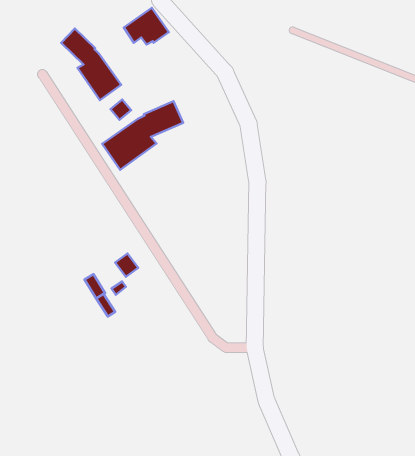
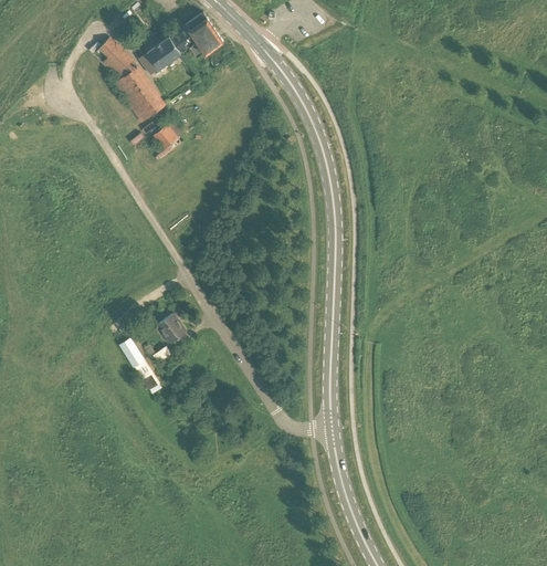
building: none -> [139,34,182,75]
building: [102,101,183,170] -> none

